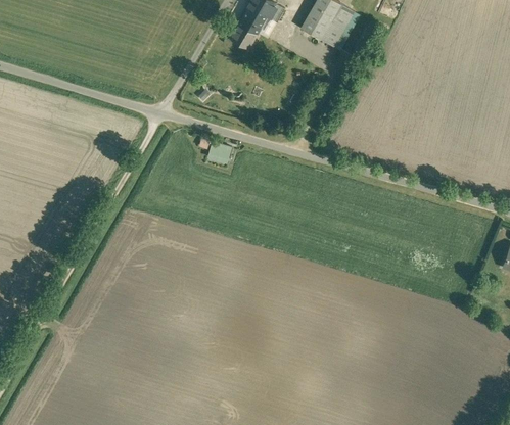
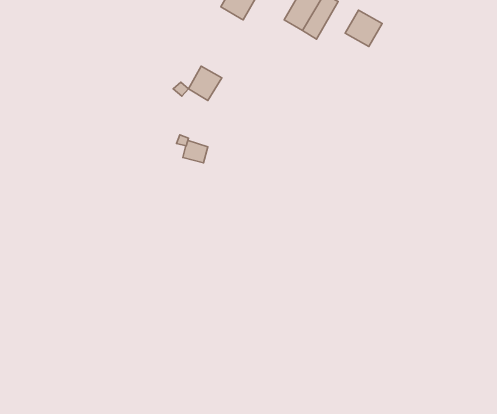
building: [230,17,262,50] -> [188,66,222,101]
building: none -> [345,10,382,47]

